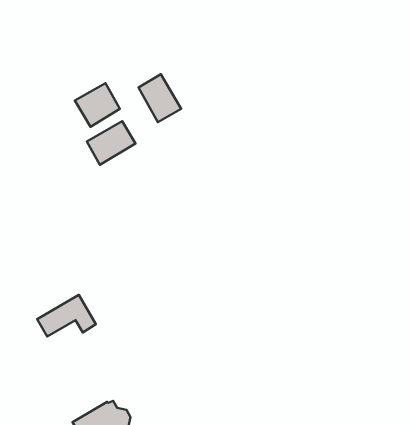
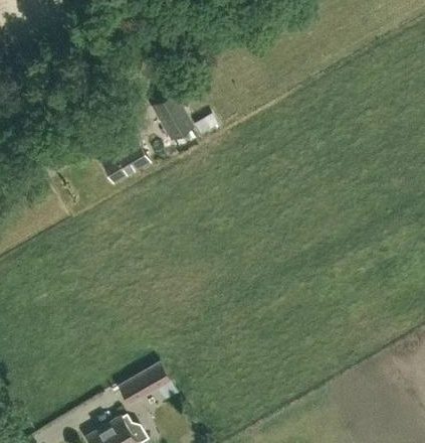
building: [75,83,120,127] -> none
building: [37,295,96,336] -> [120,361,178,403]

